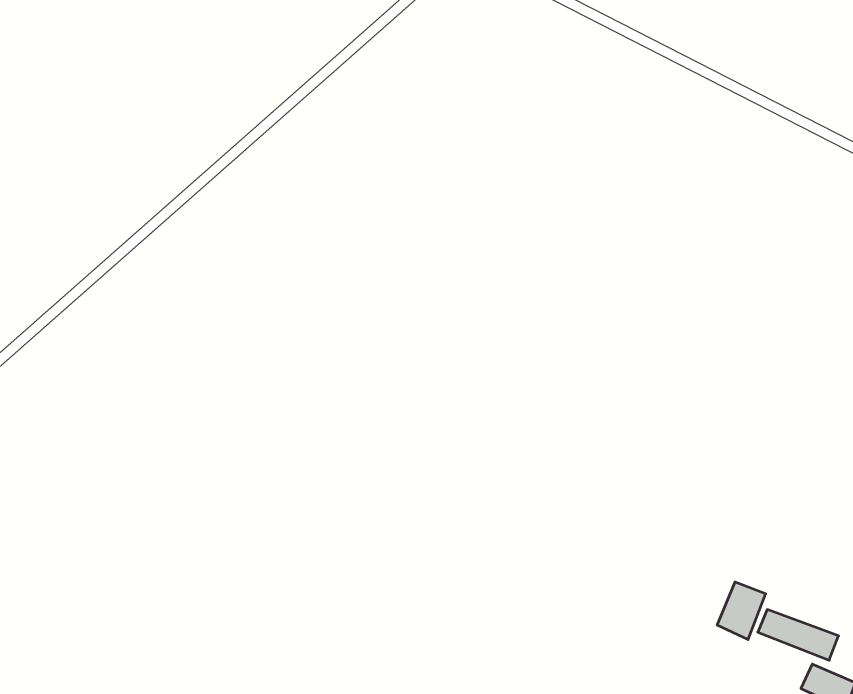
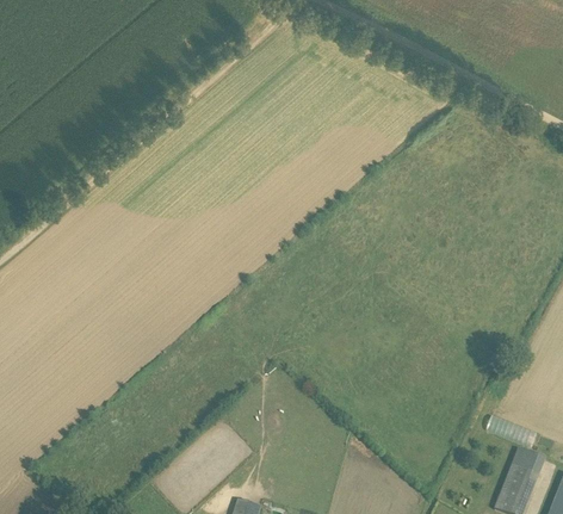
building: [717,582,766,640] -> none

